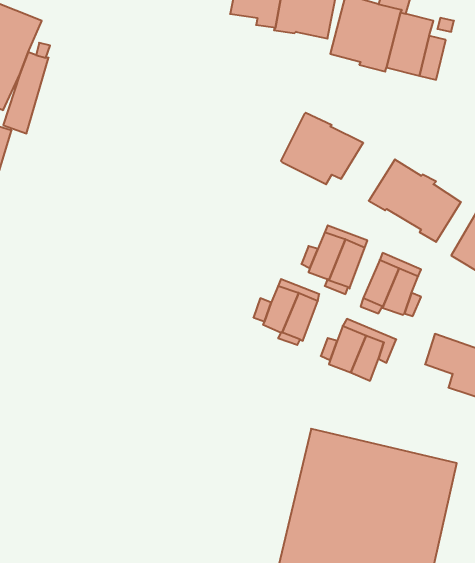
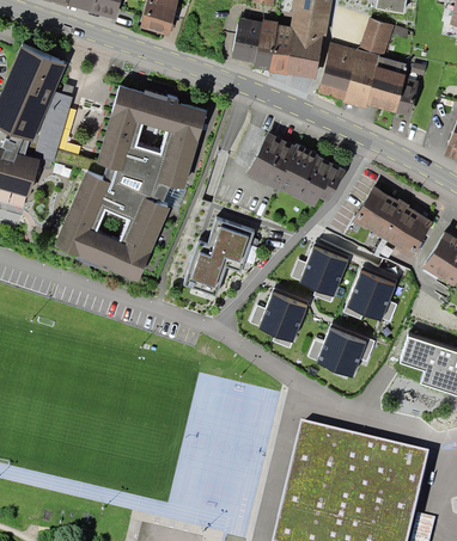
building: none -> [55,85,207,281]
building: none -> [248,130,295,187]
building: none -> [184,219,255,295]

